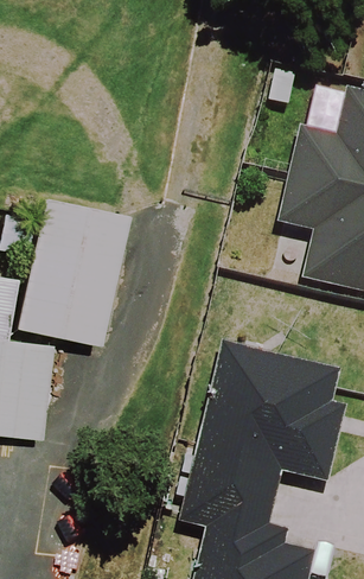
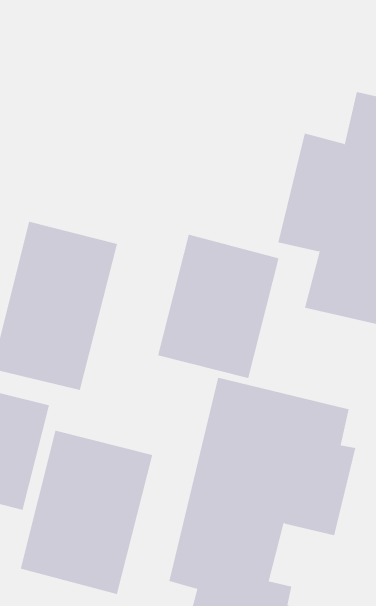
building: none -> [157,234,279,379]
building: none -> [20,430,153,595]

